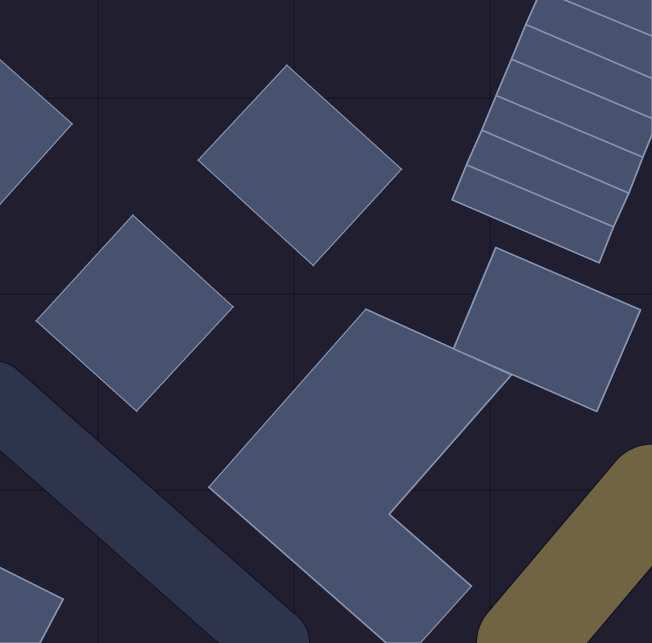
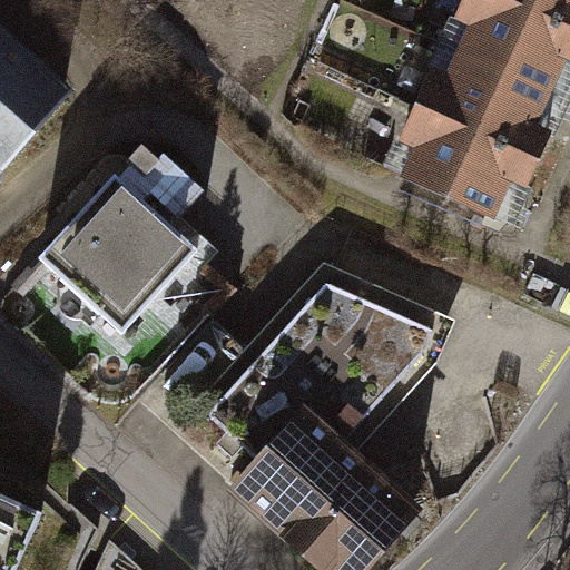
building: [198,65,401,265] -> none
building: [453,247,641,411] -> none

